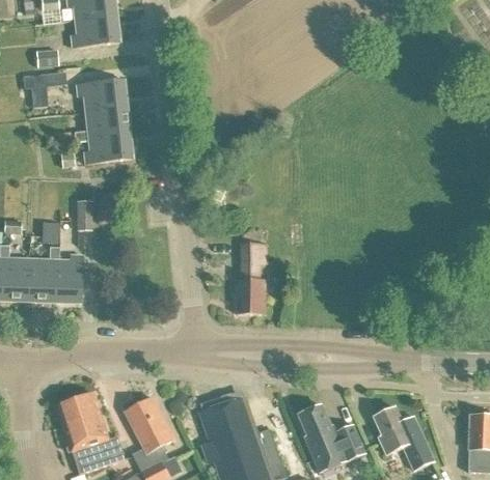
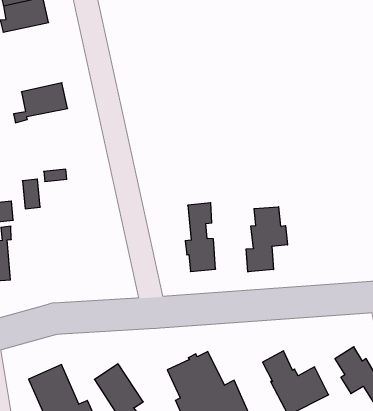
building: [75,79,126,110] -> none
building: [82,132,132,164] -> none
building: [52,254,80,303] -> none
building: none -> [246,207,287,272]

